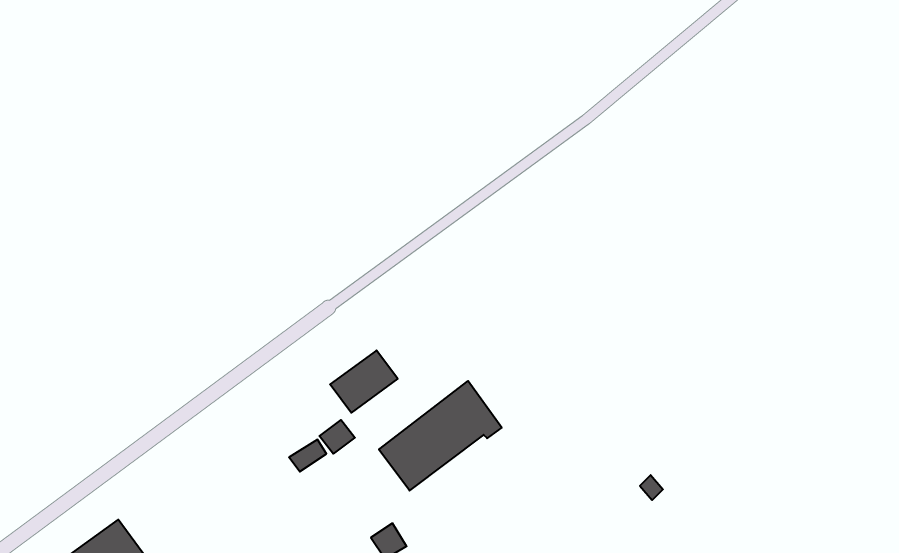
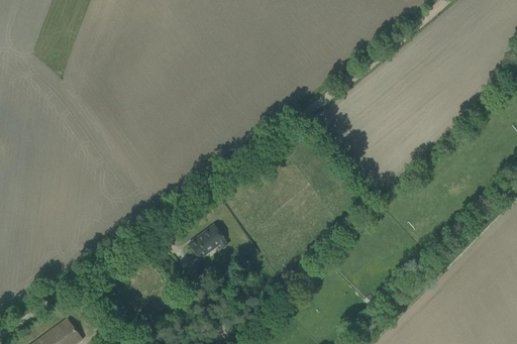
building: [379,381,502,491] -> none

